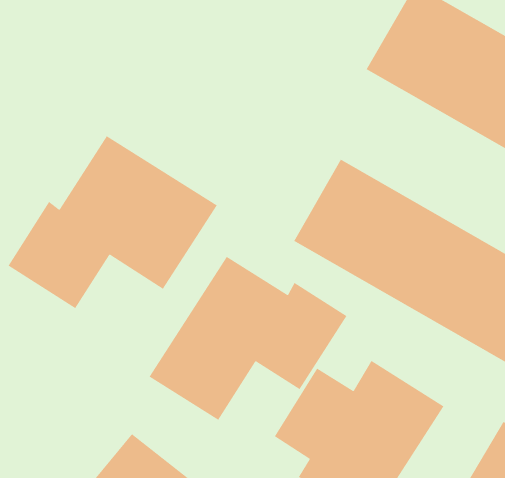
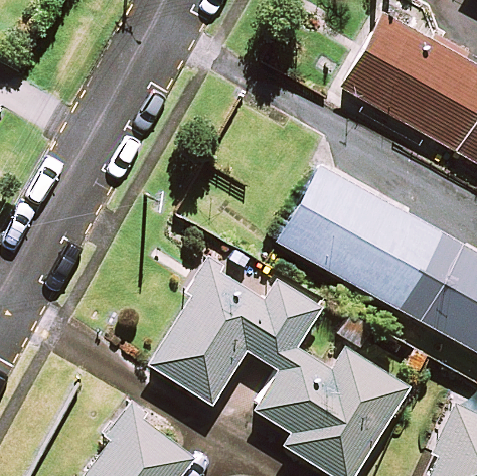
building: [8,135,218,309] -> none

